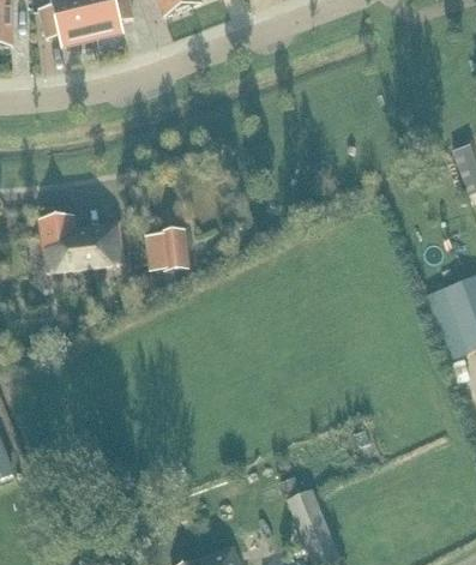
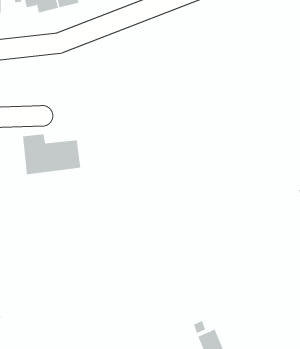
building: [159,228,187,270] -> none

